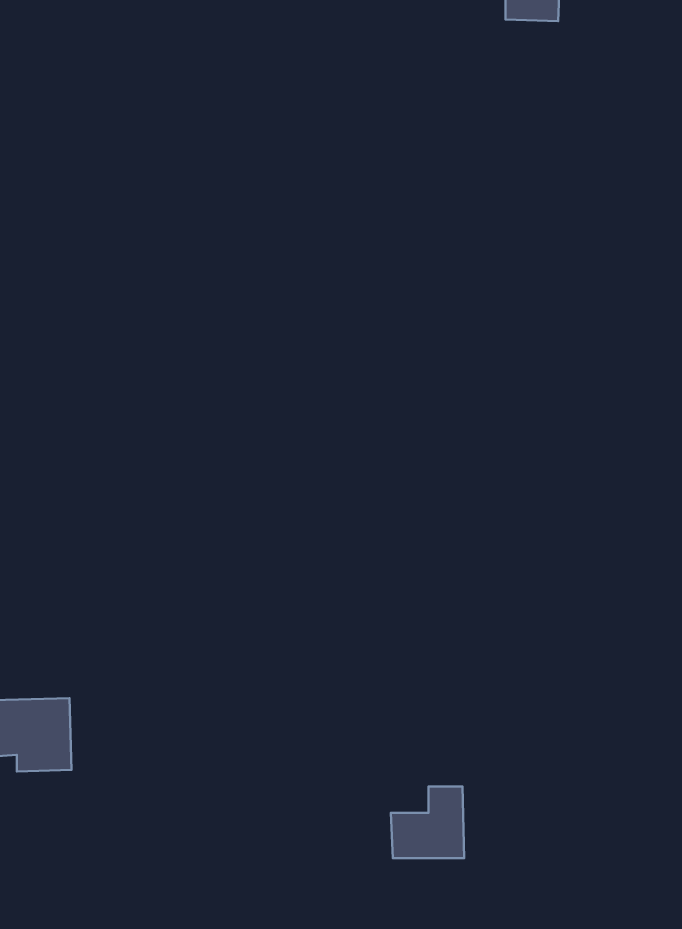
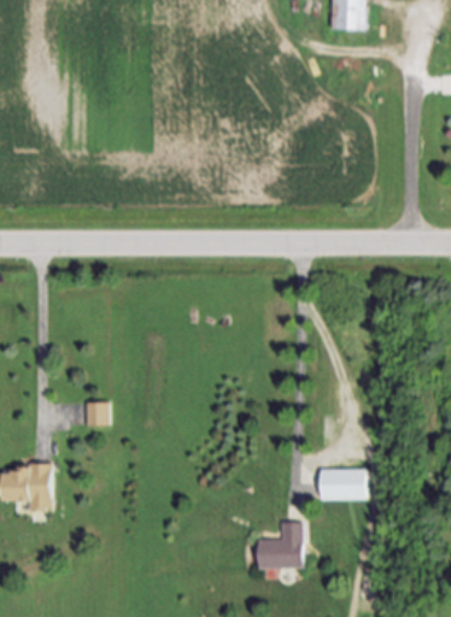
building: none -> [84,401,107,425]
building: none -> [320,469,364,499]

